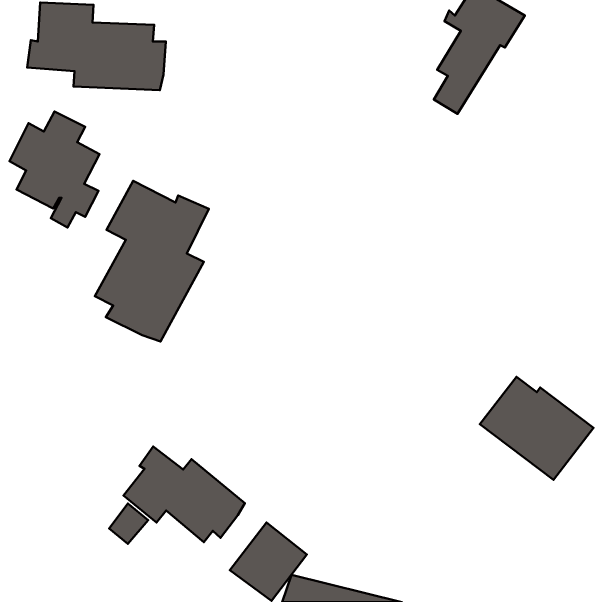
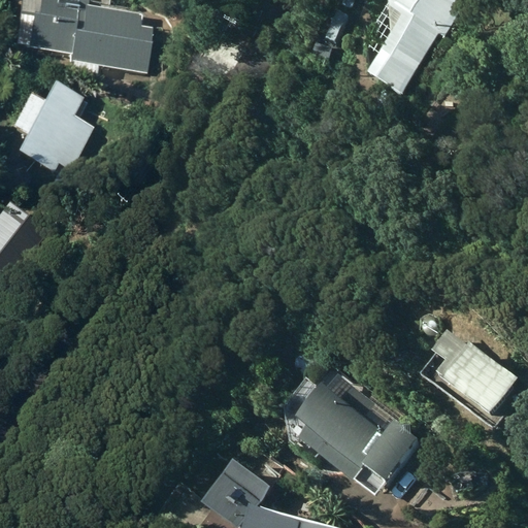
building: [95,181,209,341] -> none
building: none -> [297,372,416,490]
building: [124,446,245,542] -> none

